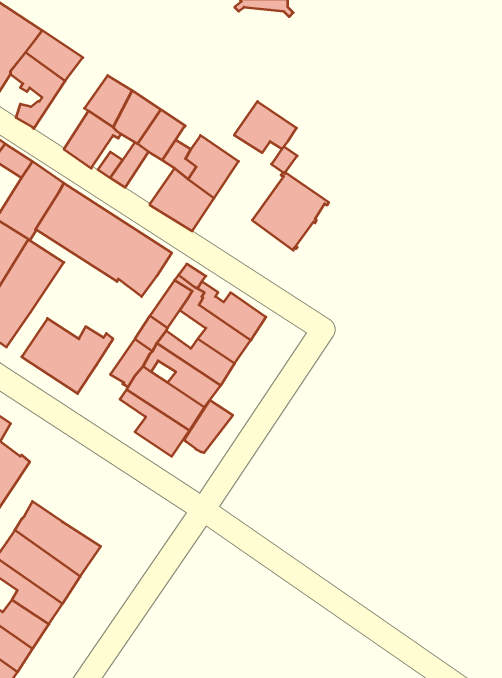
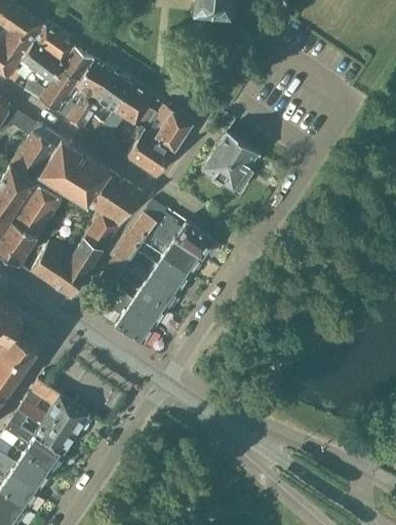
building: none -> [38,47,93,113]
building: [234,101,297,153] -> none
building: none -> [77,213,119,258]
building: [184,400,233,453] -> none

